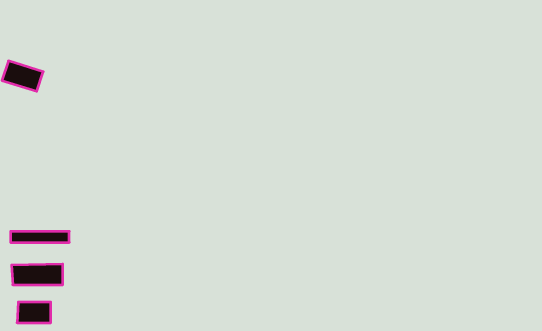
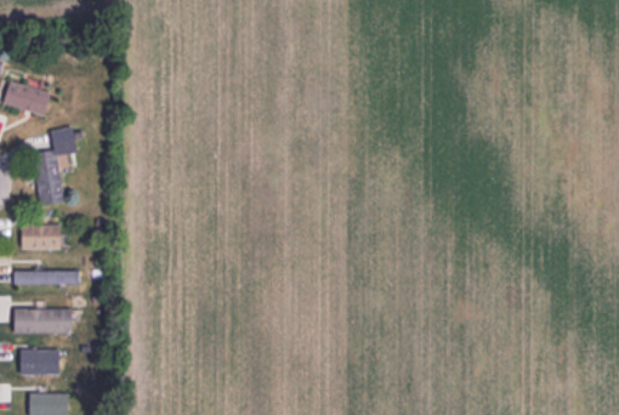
building: none -> [32,126,75,204]
building: none -> [22,226,57,248]

